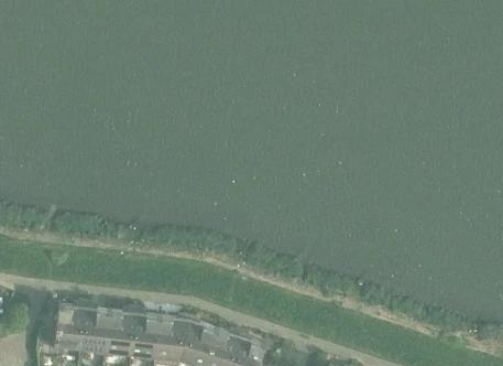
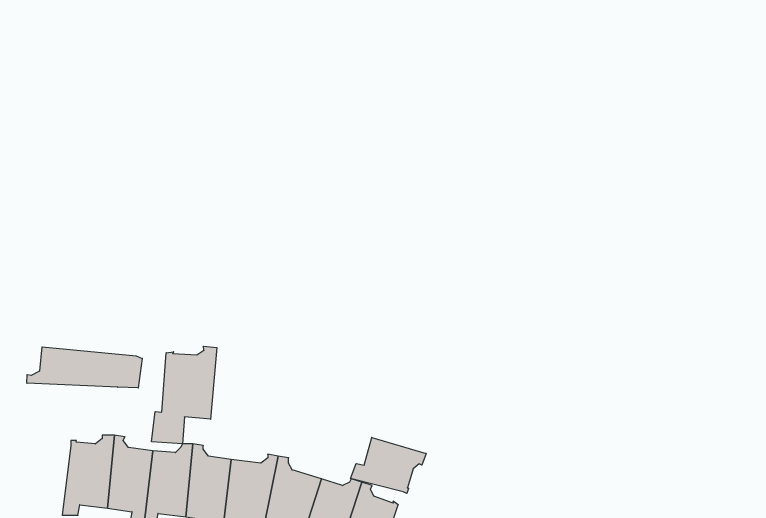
building: none -> [152,346,217,444]
building: none -> [27,347,142,388]
building: none -> [351,437,426,493]

